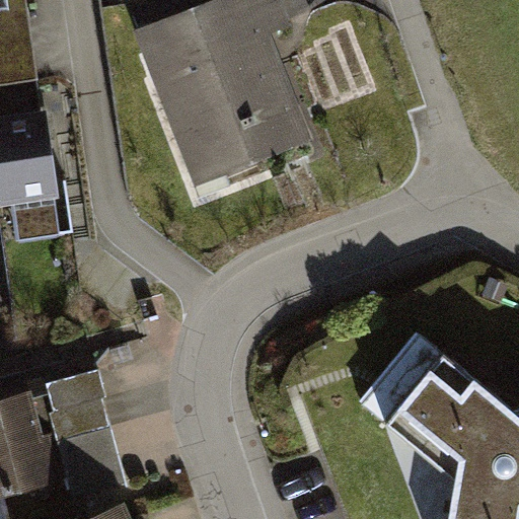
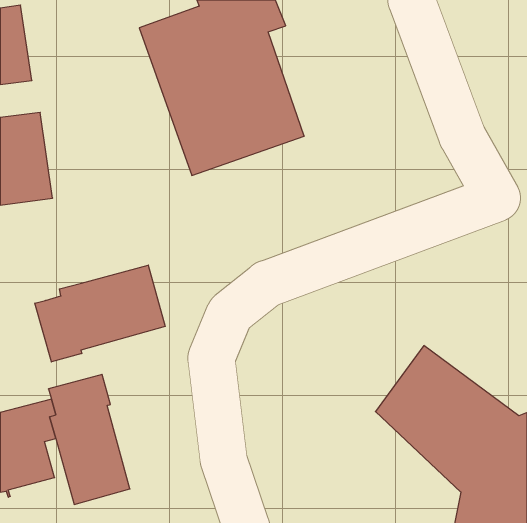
building: none -> [35,265,165,362]

